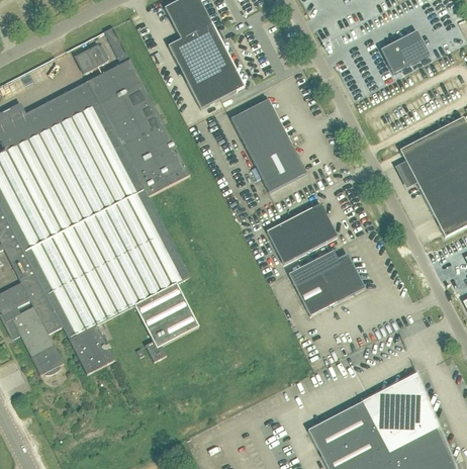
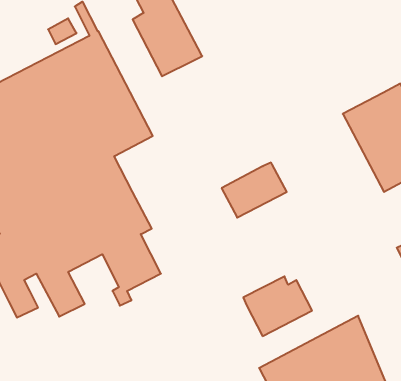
building: [380,30,430,73] -> none
building: [230,107,306,192] -> none
building: [288,250,364,315] -> [243,276,312,336]

